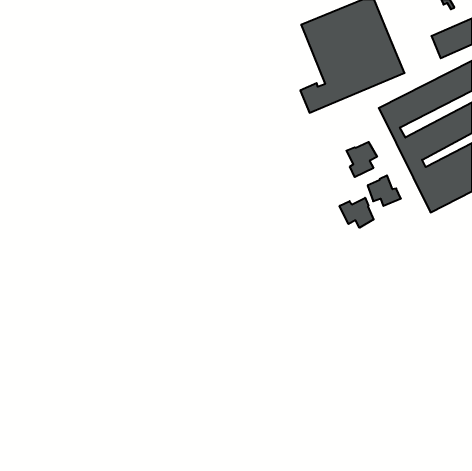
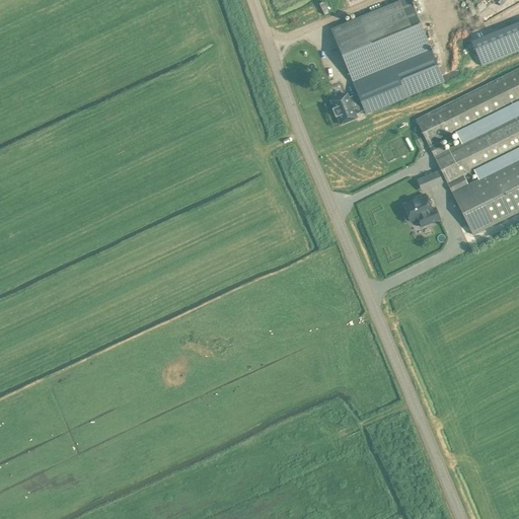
building: [346,142,377,177] -> none
building: [340,198,374,228] -> none

